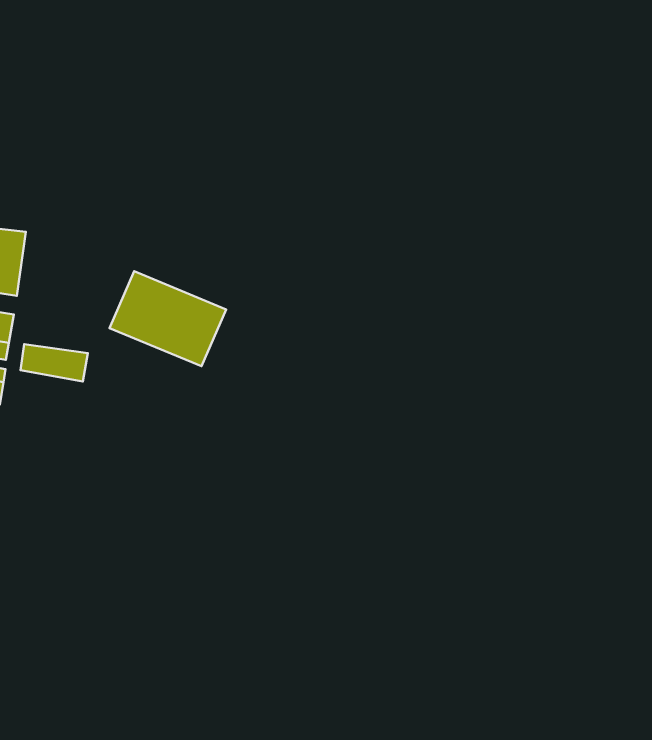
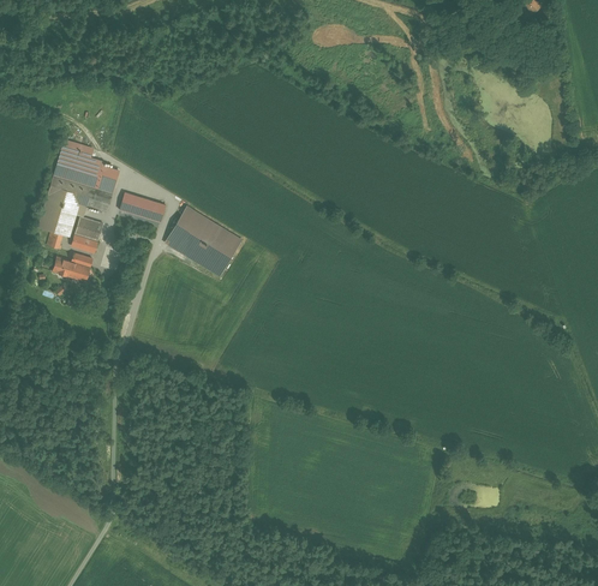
building: [21,344,88,381] -> [120,192,166,222]

